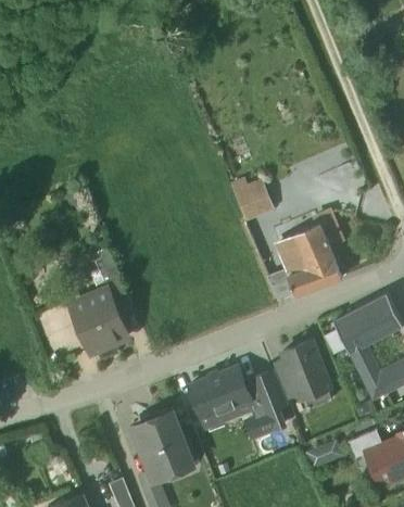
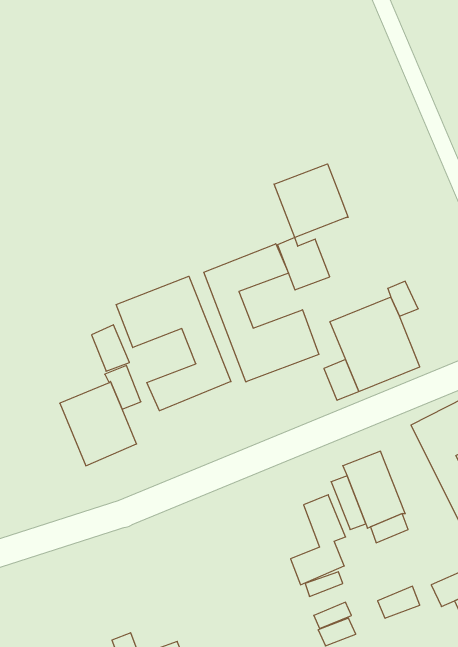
building: none -> [274,164,348,238]
building: none -> [204,244,319,382]
building: none -> [116,276,231,411]
building: [190,368,262,426] -> none
building: [134,414,190,473] -> none

